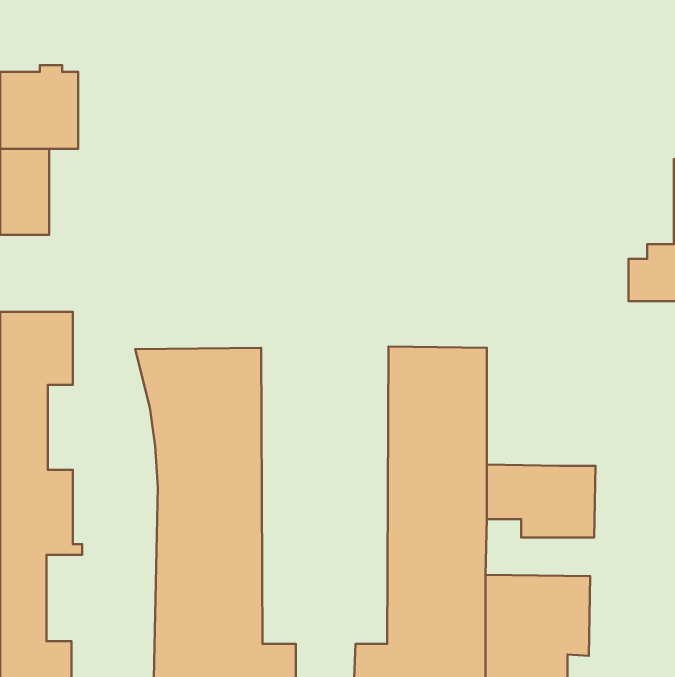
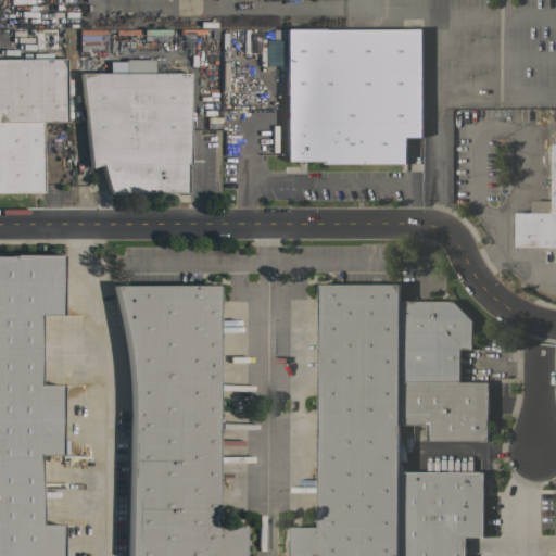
building: none -> [286,29,424,164]
building: none -> [81,61,190,194]
building: none -> [401,302,475,382]

